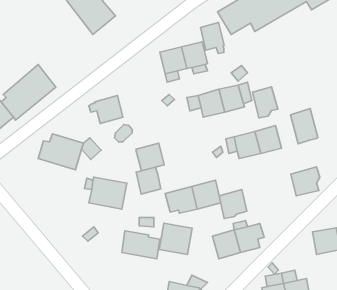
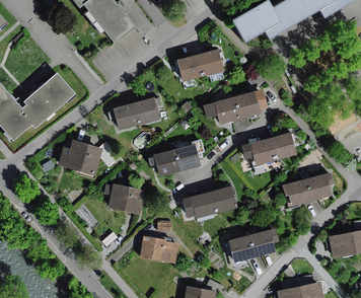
building: [200,22,224,53] -> none
building: [253,87,278,118] -> none
building: none -> [136,97,160,124]
building: [290,109,318,144] -> none
building: [136,167,161,194] -> [176,144,201,170]
building: [219,189,247,218] -> [284,179,311,208]
building: [159,223,192,255] -> none

